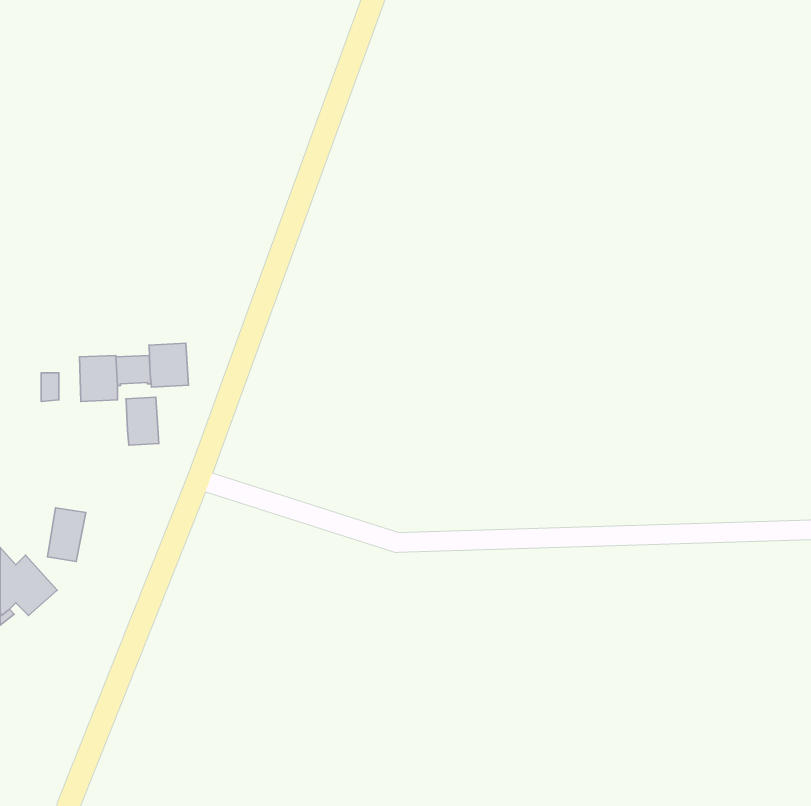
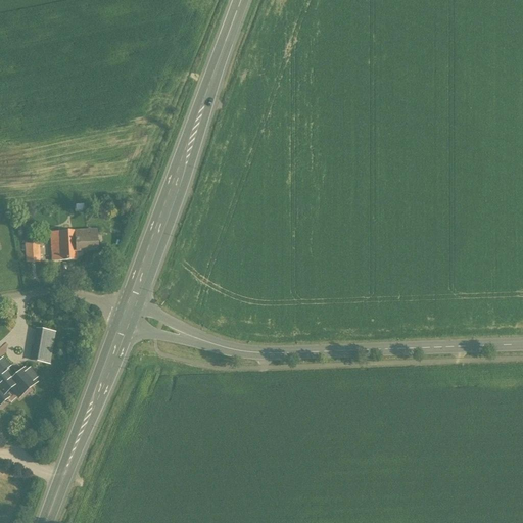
building: [149,343,188,387] -> none
building: [126,397,159,445] -> none

